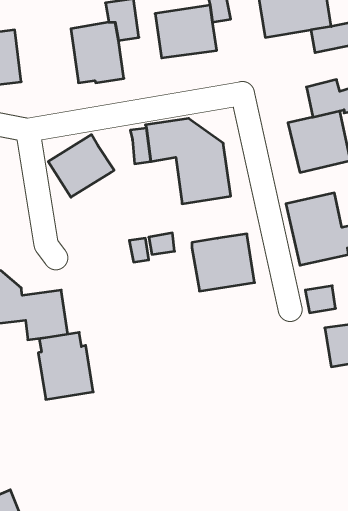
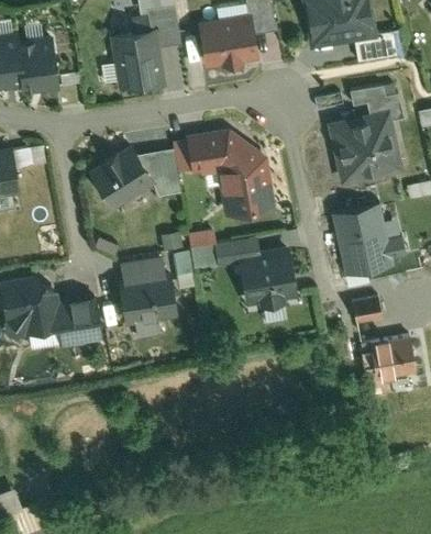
building: none -> [139,149,180,196]
building: none -> [214,235,261,263]
building: [38,332,93,399] -> [119,257,175,325]

